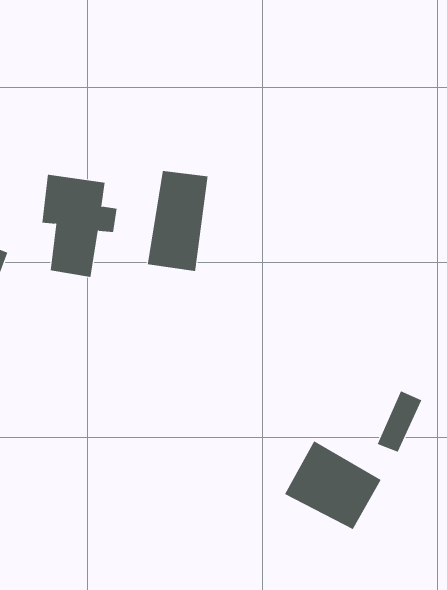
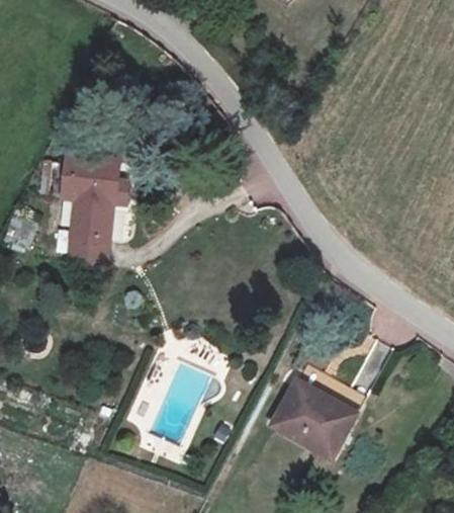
building: [147,170,208,272] -> none
building: none -> [69,236,107,264]

